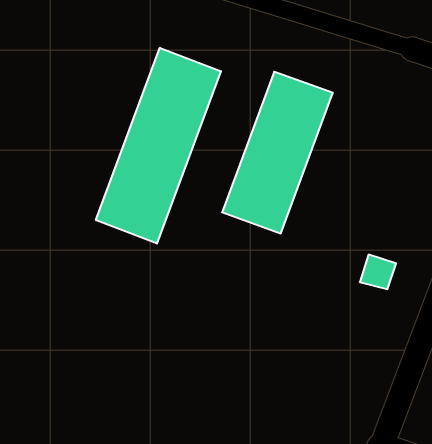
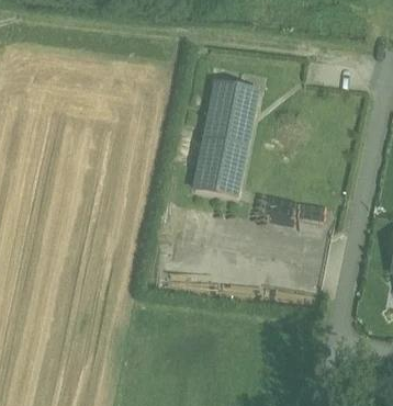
building: [96,48,221,244] -> none

